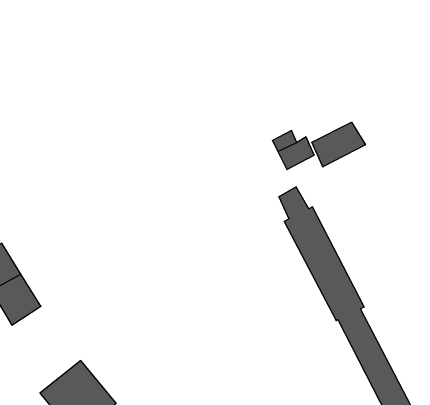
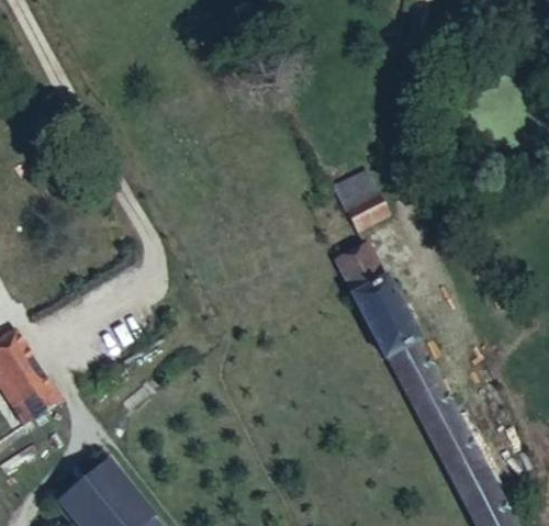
building: [312,122,365,167] -> none

